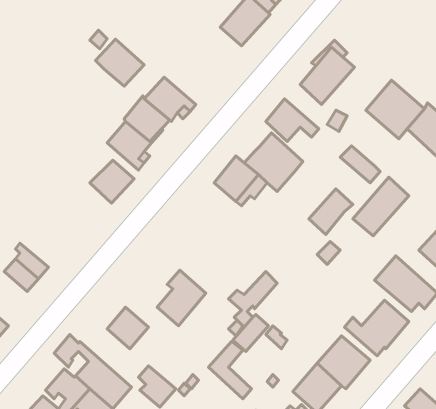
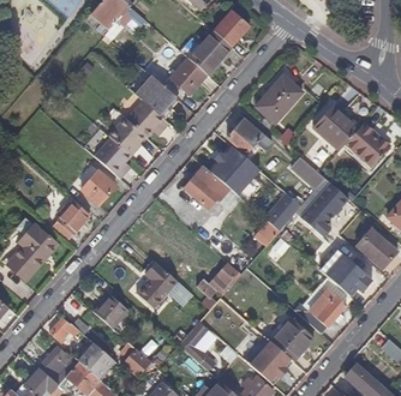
building: none -> [169,56,207,94]
building: [96,39,144,86] -> [134,74,175,114]
building: none -> [52,199,90,240]
building: none -> [20,223,58,259]

